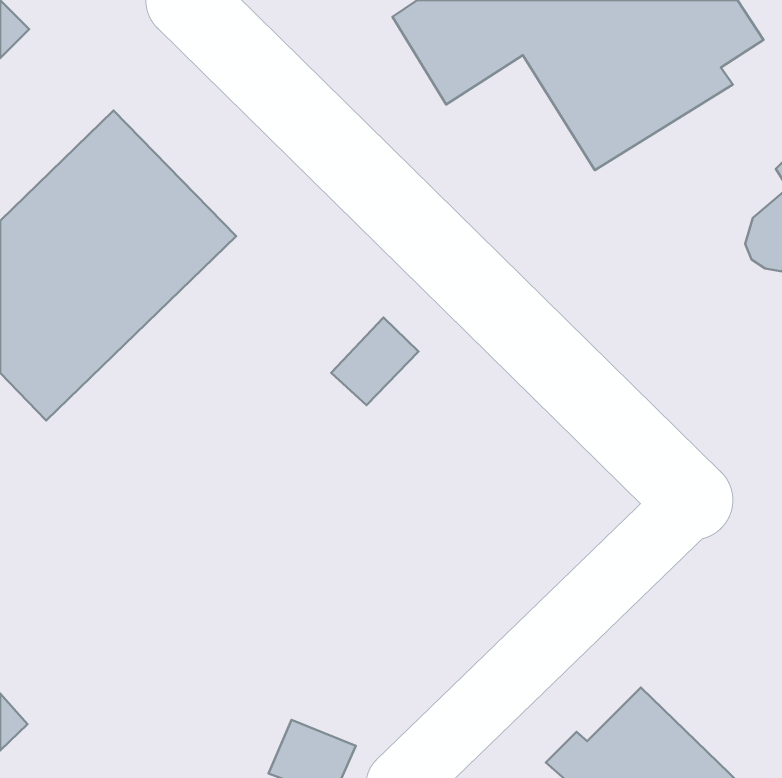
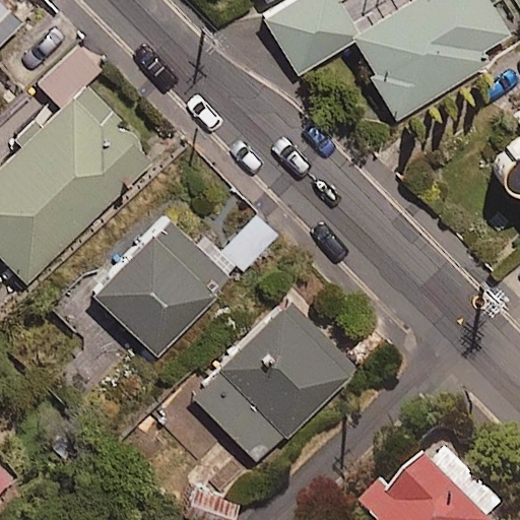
building: none -> [87,214,231,356]
building: none -> [188,300,355,464]

